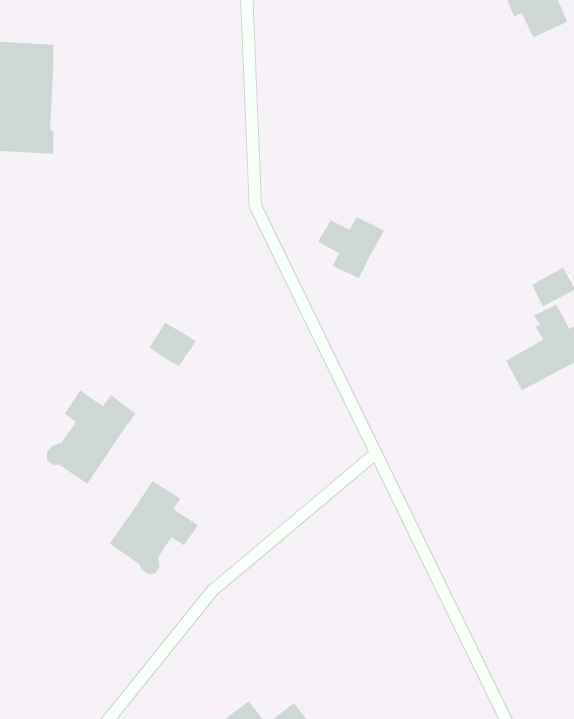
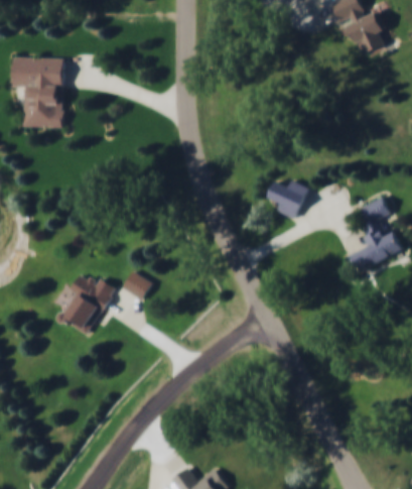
building: [317,216,385,279] -> [269,178,311,218]
building: [149,322,197,367] -> [122,271,152,299]
building: [109,480,199,575] -> none

